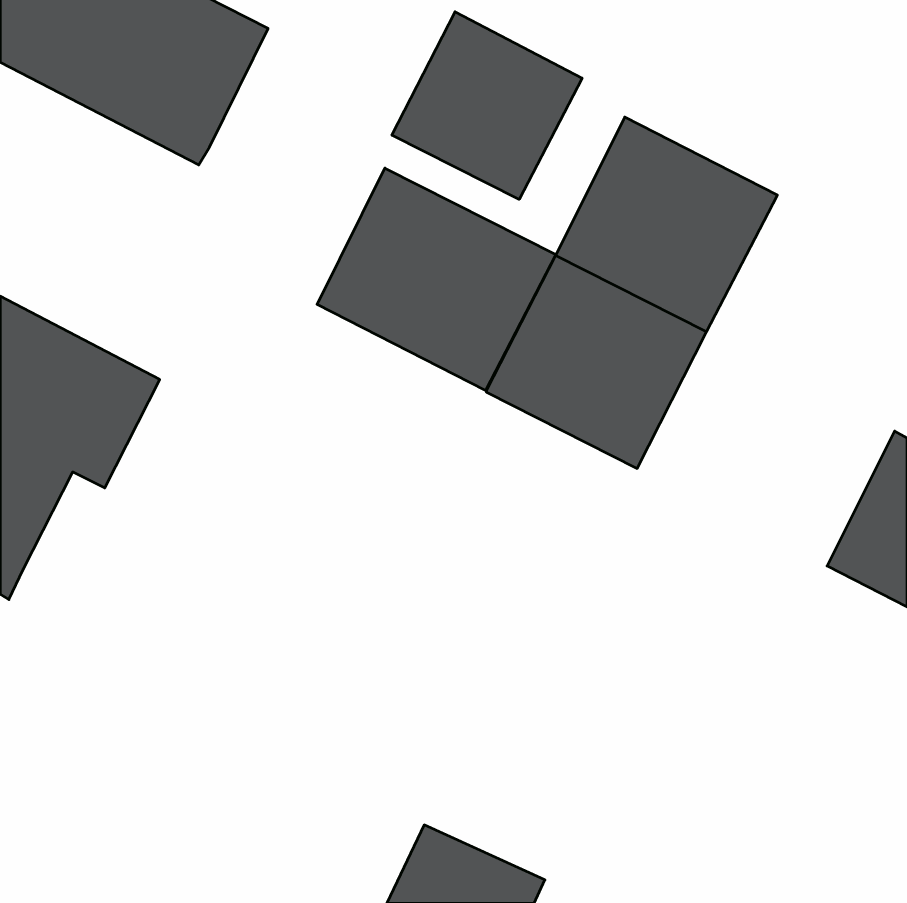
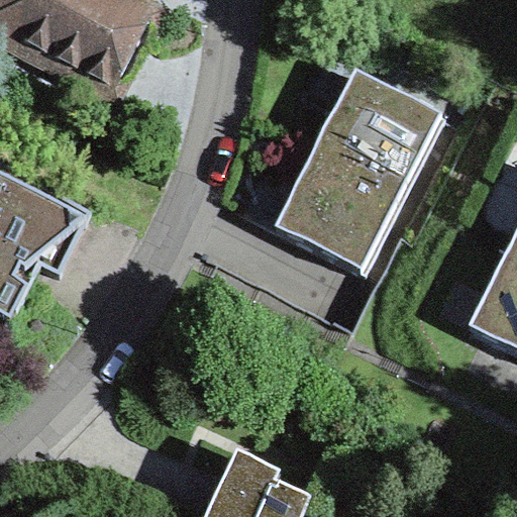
building: [392,12,582,199] -> none
building: [317,168,556,390] -> none

